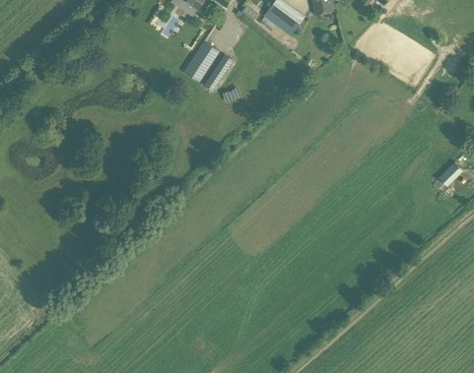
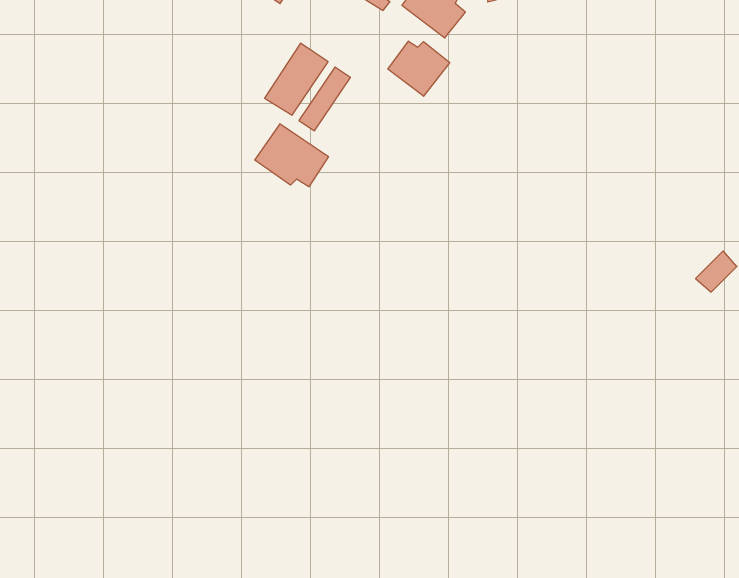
building: none -> [388,41,450,96]
building: none -> [255,124,328,187]

